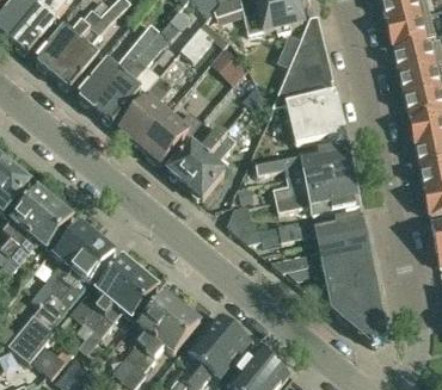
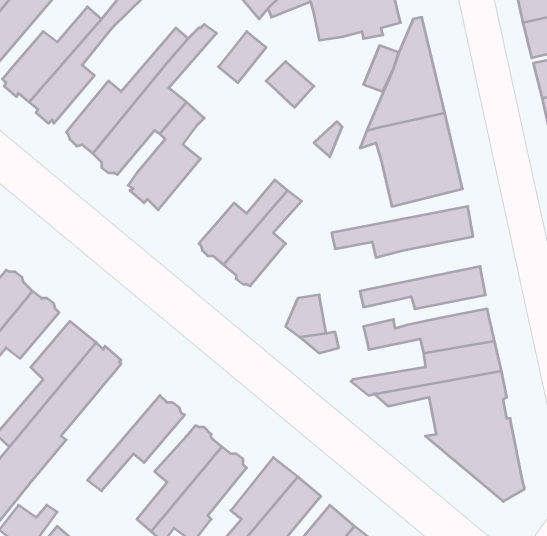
building: [140,109,203,163] -> none
building: [274,165,357,202] -> none
building: [70,256,141,329] -> none

